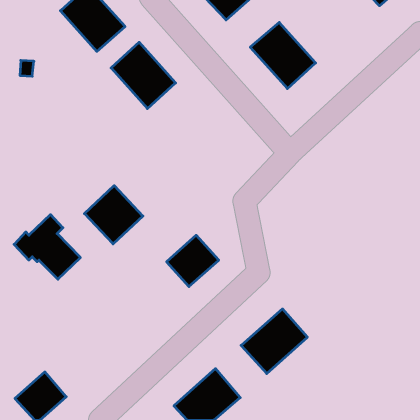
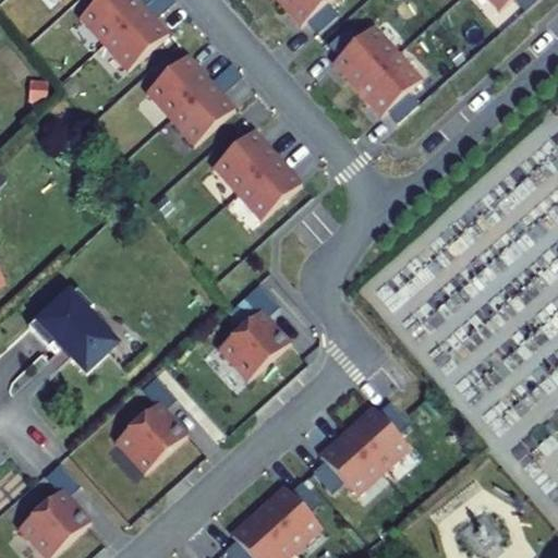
building: none -> [213,130,299,217]
building: [84,186,143,244] -> none
building: none -> [117,403,184,470]

